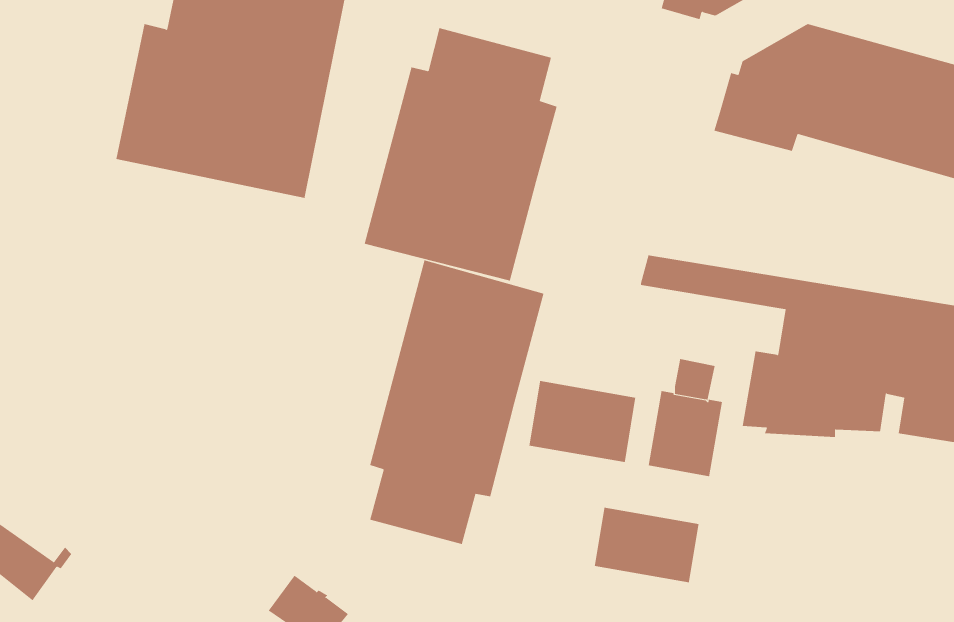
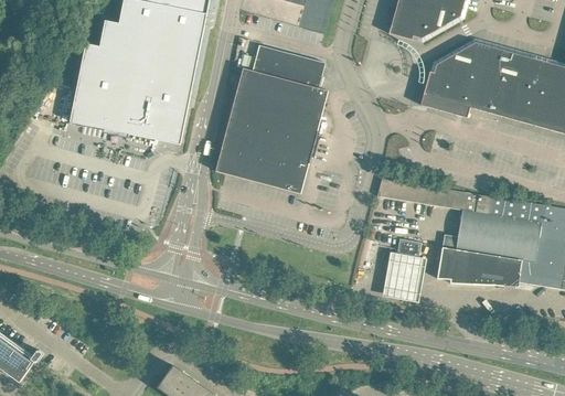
building: [370,260,544,545] -> none
building: [529,380,636,463] -> none
building: [594,507,699,583] -> none

